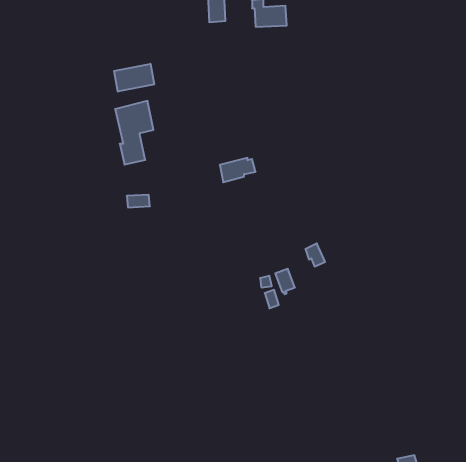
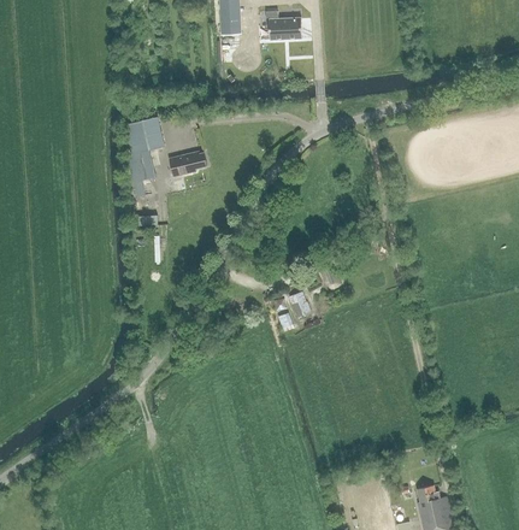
building: [114,64,154,92] -> none
building: [220,158,256,182] -> [170,151,207,176]

